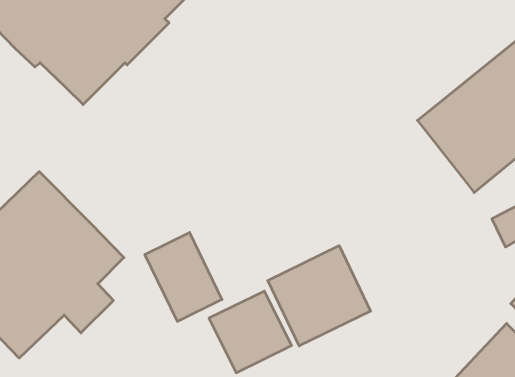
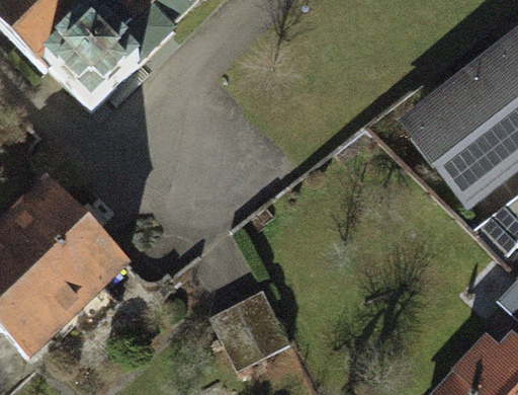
building: [145,232,222,321] -> none
building: [268,246,371,346] -> none

